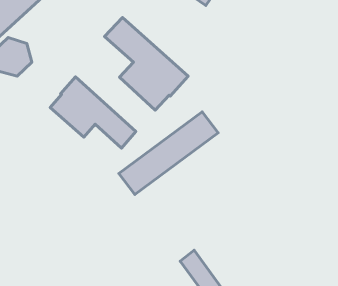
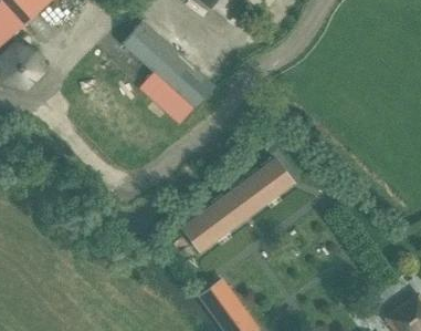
building: [50,77,136,148] -> none
building: [119,112,218,194] -> [182,159,293,251]

